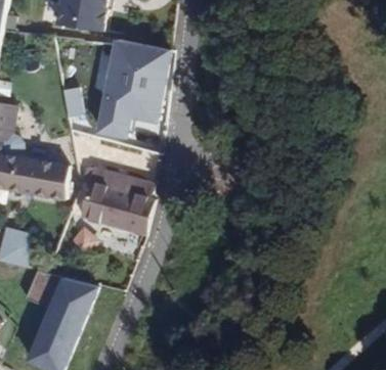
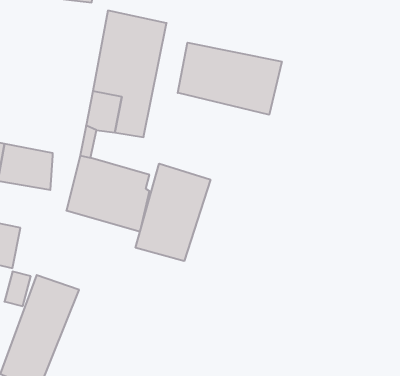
building: none -> [178,43,282,115]
building: none -> [136,164,210,261]

